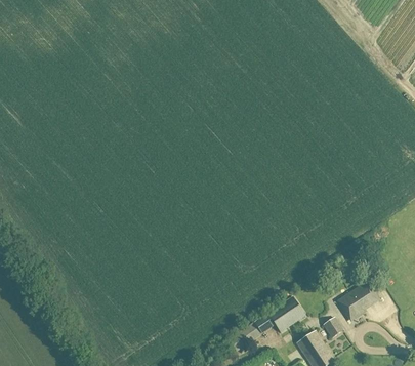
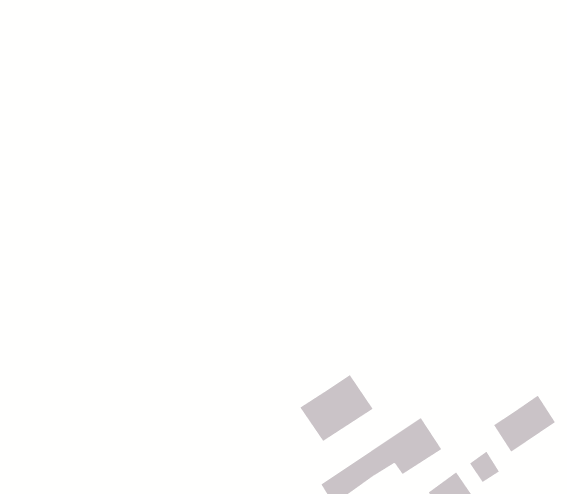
building: none -> [299,374,374,442]

